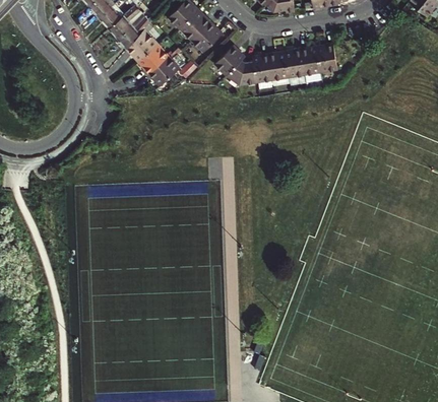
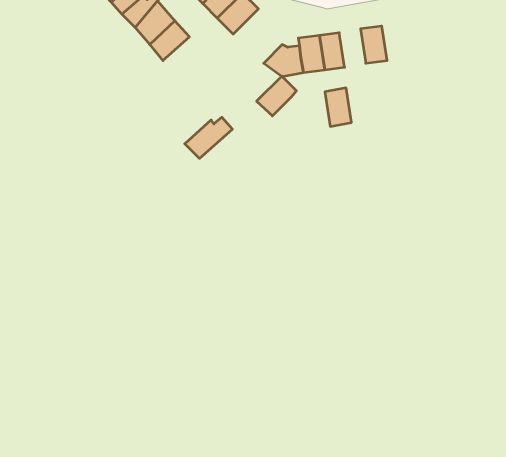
building: [316,44,336,73] -> none
building: [213,45,244,75] -> [257,76,296,116]
building: [284,49,304,78] -> [325,88,351,126]
building: [148,53,185,84] -> [185,117,232,158]

